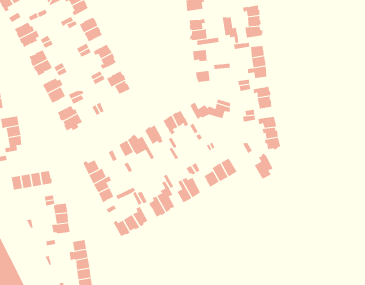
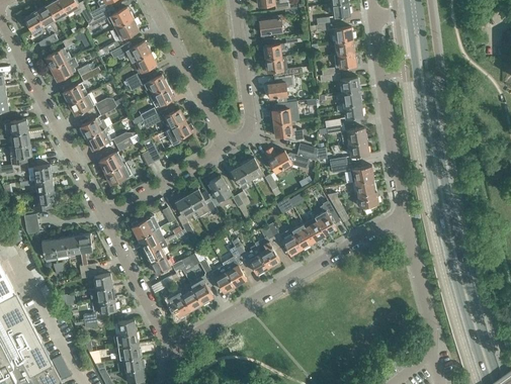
building: [222,16,239,44] -> none
building: none -> [272,121,303,141]
building: [254,153,273,179] -> [314,201,338,234]

